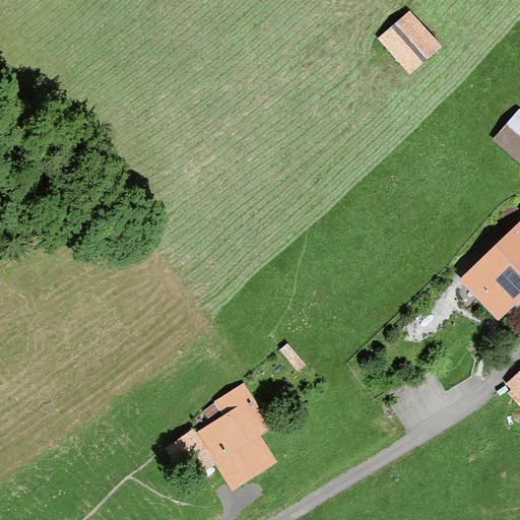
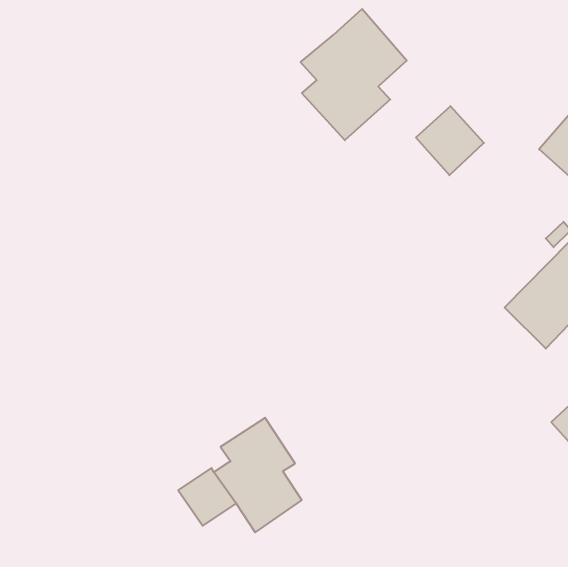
building: [379,9,441,72] -> [416,106,484,175]
building: none -> [301,9,407,140]

